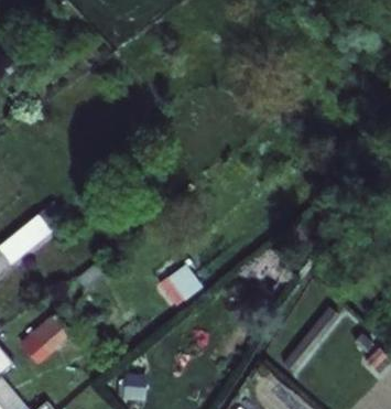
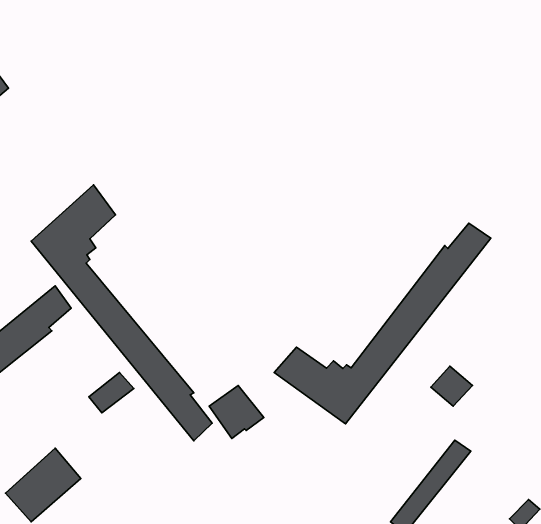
building: none -> [31,185,212,441]
building: none -> [274,223,491,424]

